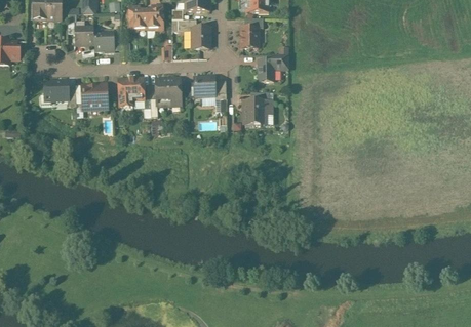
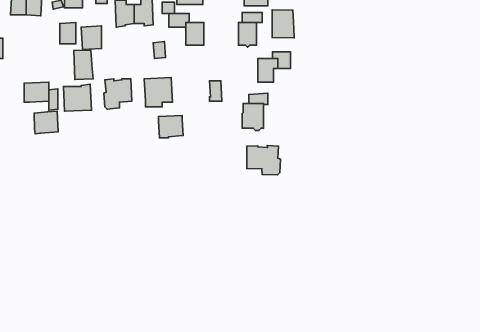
building: none -> [272,10,294,38]
building: none -> [74,50,93,79]
building: [192,77,214,97] -> [158,115,183,138]
building: none -> [34,111,58,134]
building: none -> [247,145,281,175]

